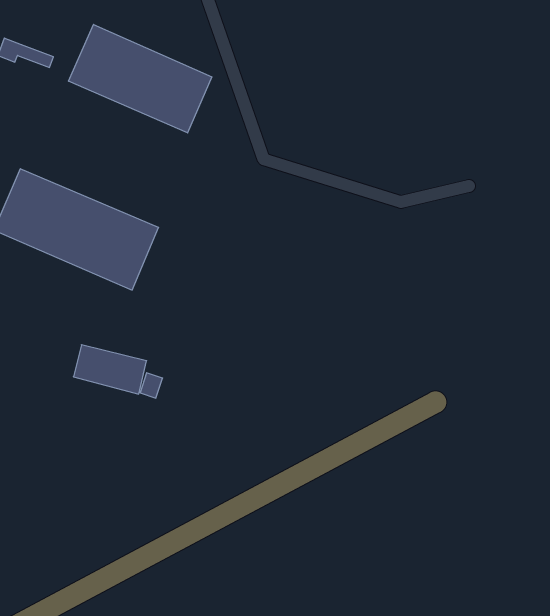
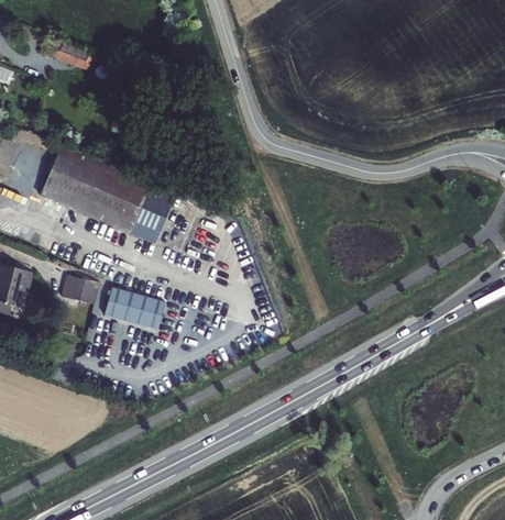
building: [69,24,212,133] -> none
building: none -> [62,276,99,306]

